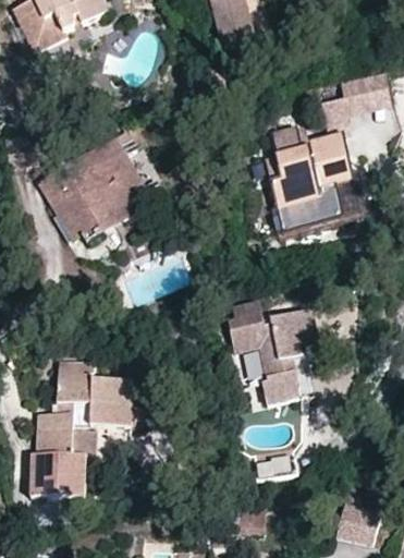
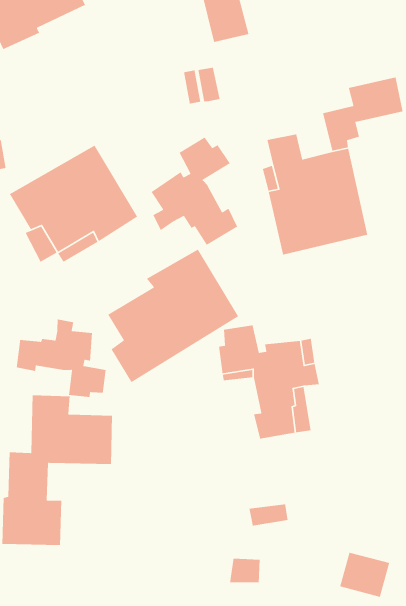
building: none -> [151,137,238,246]
building: none -> [107,248,239,383]
building: none -> [16,319,106,398]

